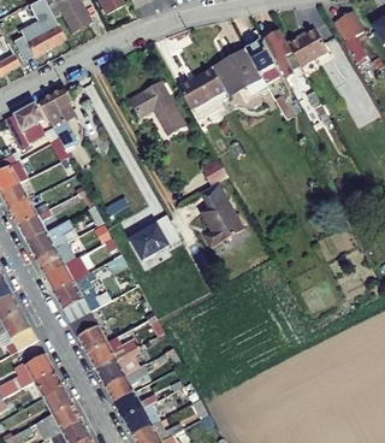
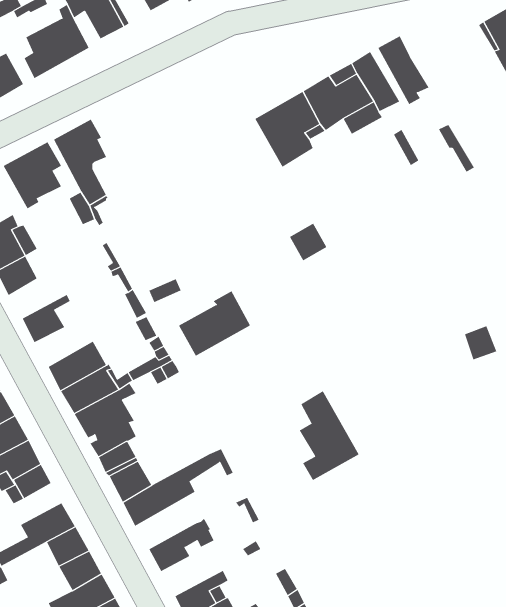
building: [286,29,327,65] -> none
building: [130,82,185,134] -> none
building: [201,184,243,247] -> [299,390,359,481]
building: [7,197,48,225] -> none
building: [25,219,77,259] -> none
building: [95,345,140,385] -> none
building: [113,390,160,418] -> none

